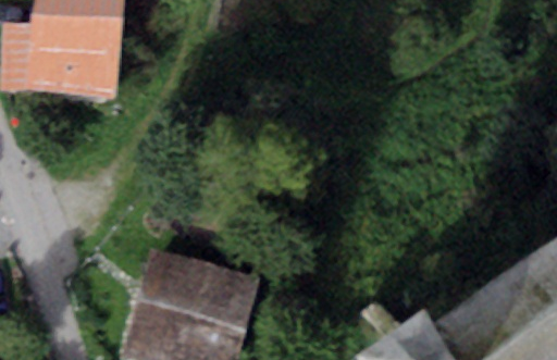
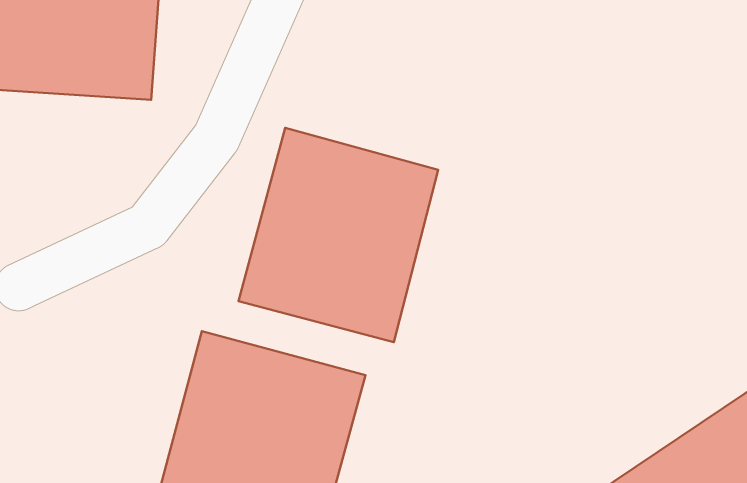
building: none -> [238,128,438,342]

